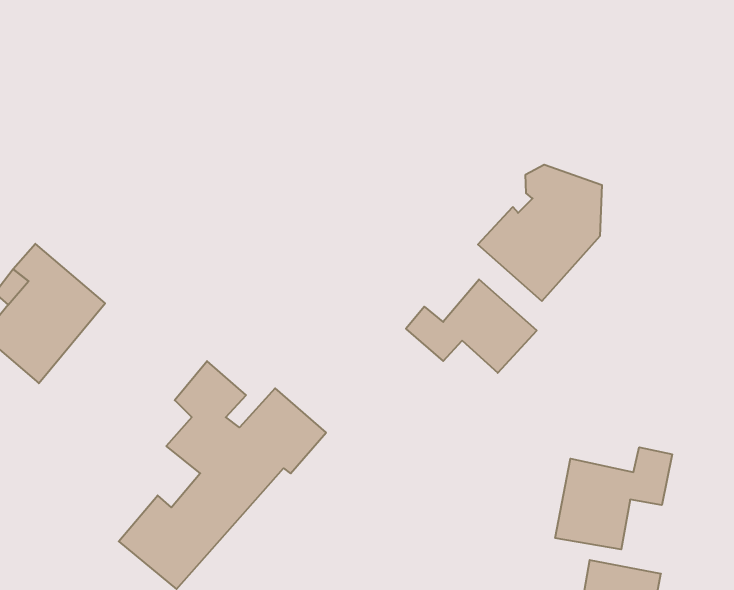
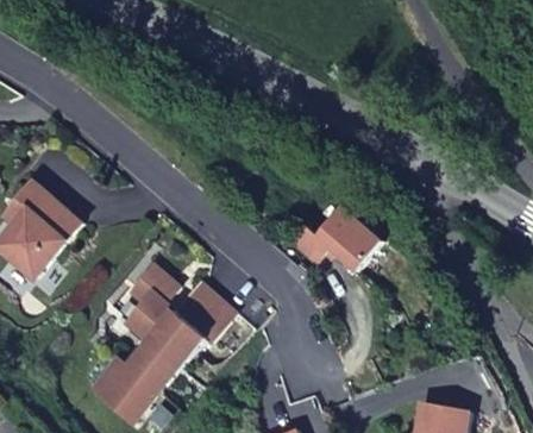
building: [478,165,602,301] -> none
building: [555,447,672,549] -> none

